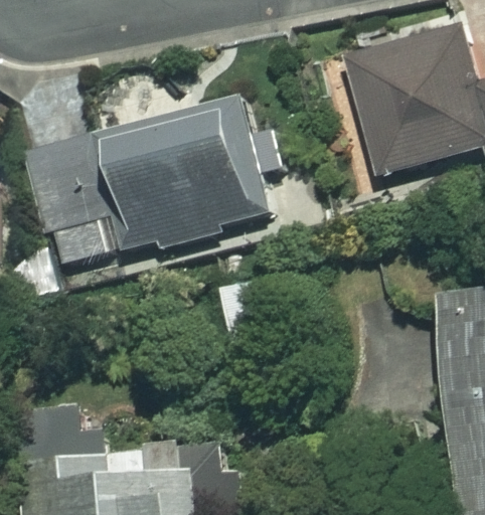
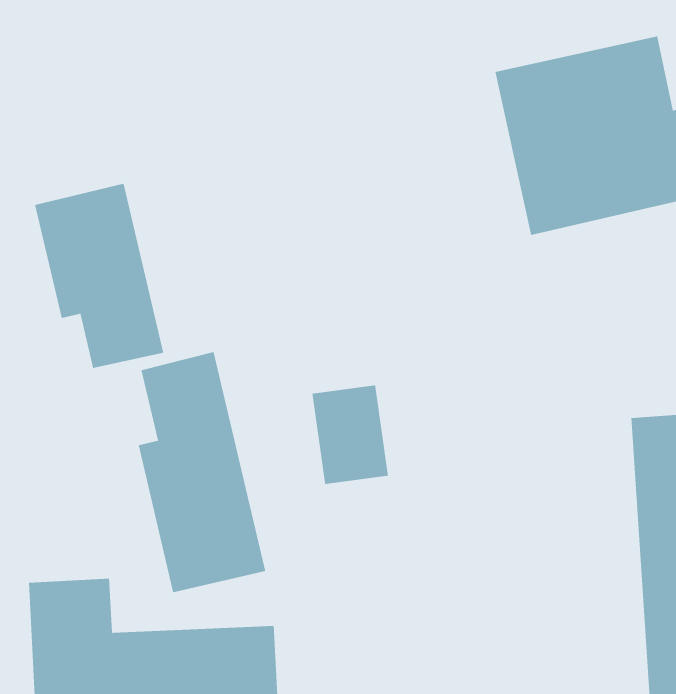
building: [102,97,273,251] -> none
building: none -> [138,351,266,593]

